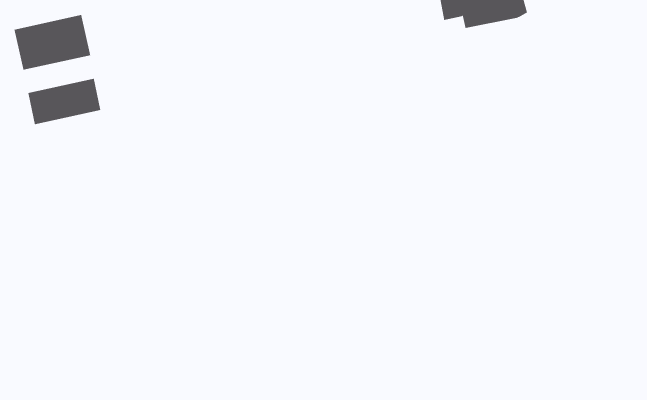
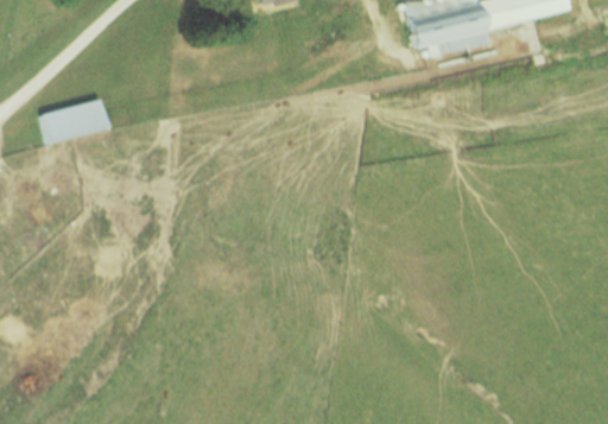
building: [14,14,91,71] -> none

